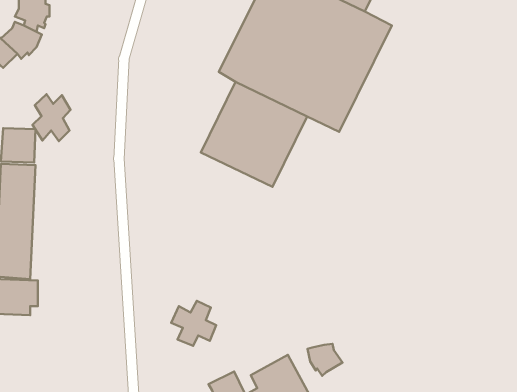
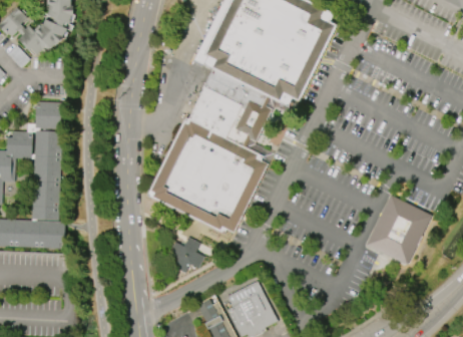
building: [33,94,70,141] -> none
building: none -> [150,119,272,236]
building: none -> [365,195,431,265]
building: [307,344,342,376] -> none

